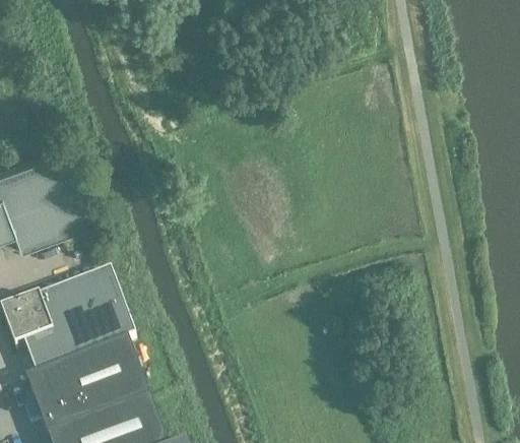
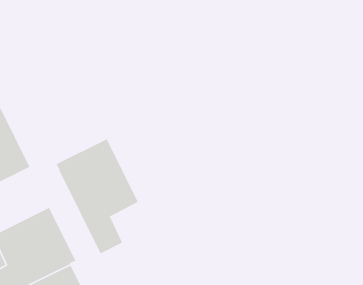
building: none -> [55,138,139,254]

